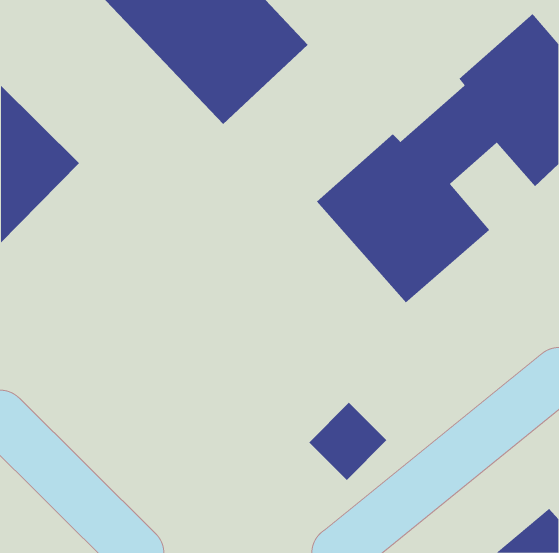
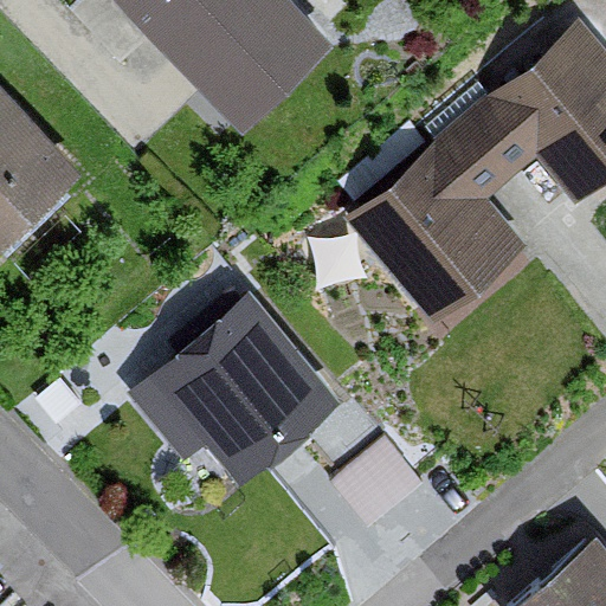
building: none -> [125,289,344,488]

